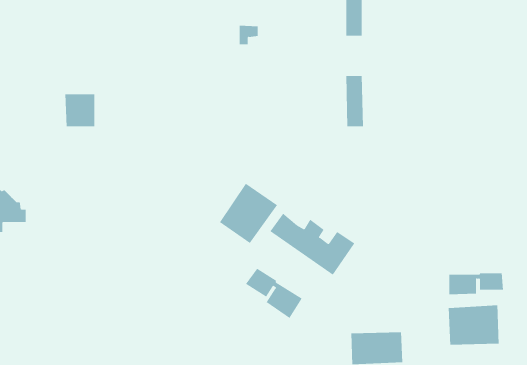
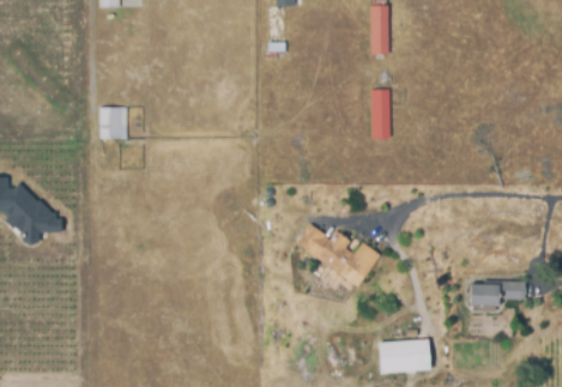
building: [219,183,278,244] -> none
building: [245,268,303,319] -> none
building: [448,305,499,346] -> none

